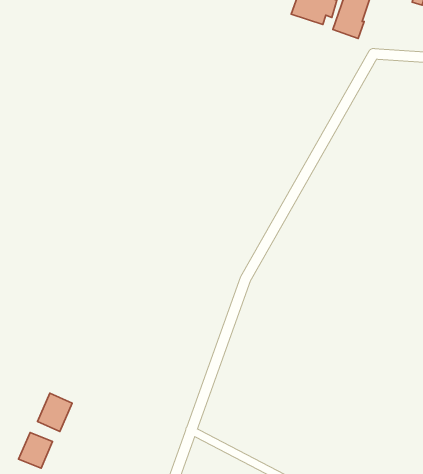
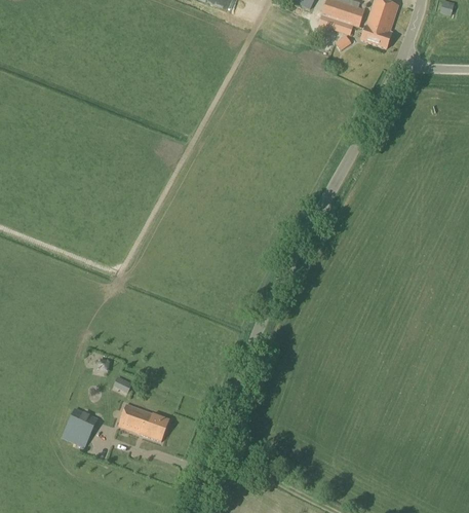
building: none -> [118,403,169,440]
building: [19,432,53,468] -> none

